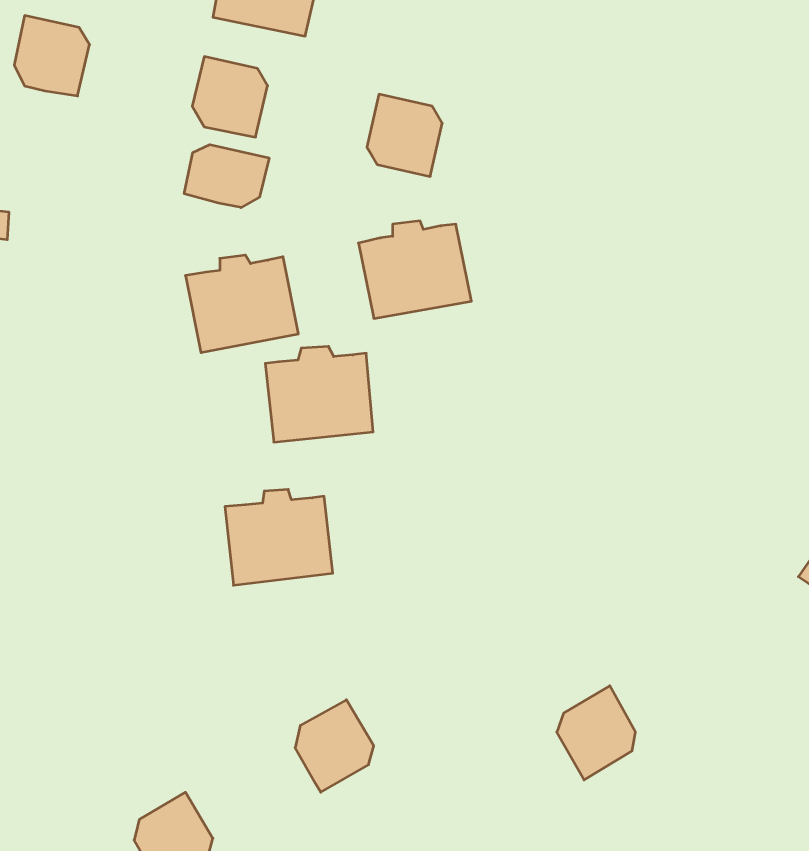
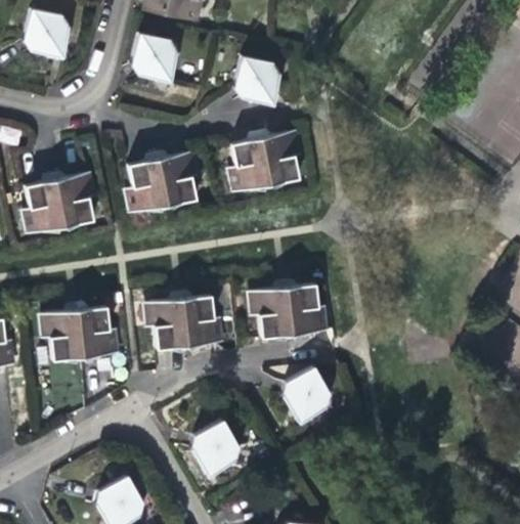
building: [184,145,269,208] -> none
building: none -> [26,173,92,231]
building: [265,346,373,442] -> [256,282,320,340]
building: none -> [48,305,111,360]
building: [557,686,635,780] -> [279,368,327,425]

